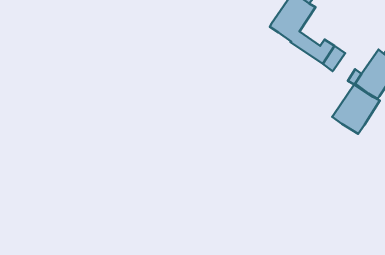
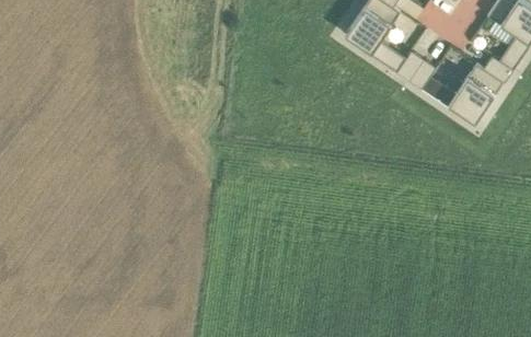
building: [332,84,380,134] -> none

